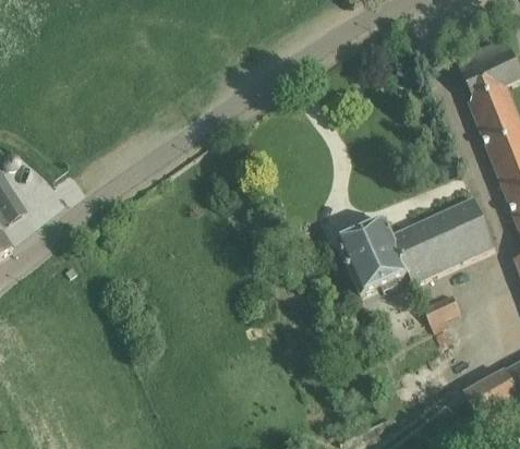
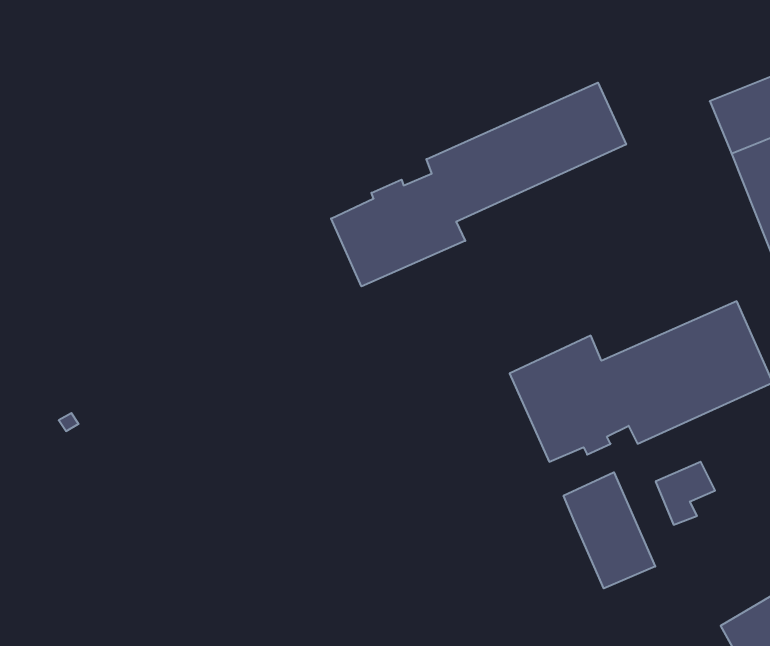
building: none -> [331,83,626,286]
building: none -> [564,472,655,588]

